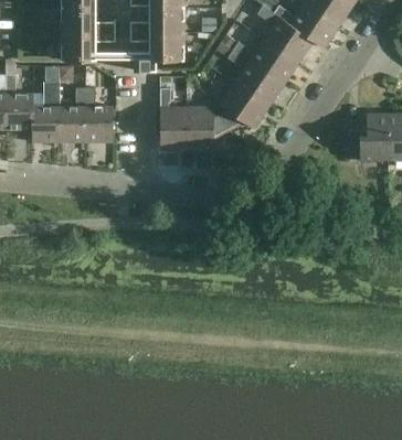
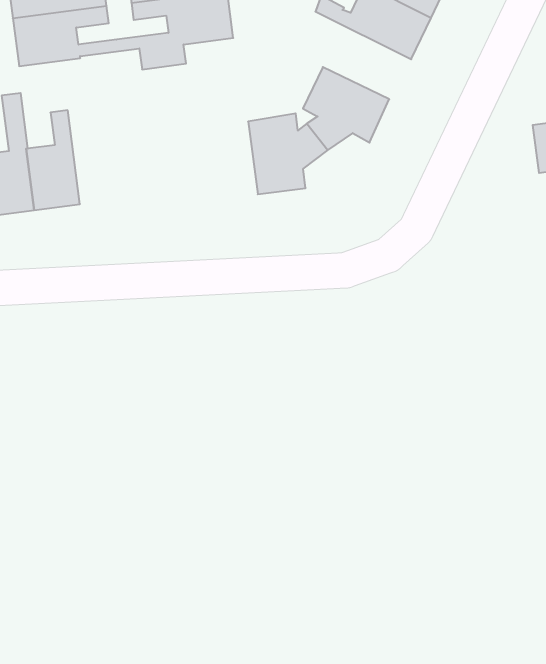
building: [228,50,284,105] -> none
building: [85,87,113,141] -> none
building: [160,87,187,149] -> none

